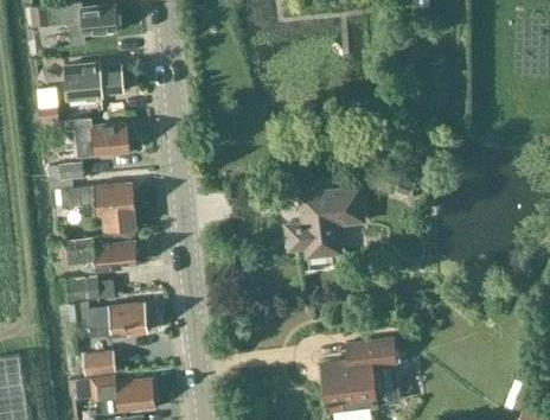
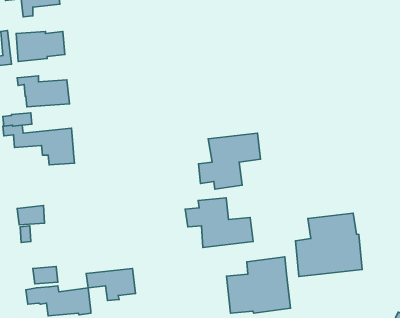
building: [62,238,136,271] -> none
building: none -> [185,198,253,248]
building: none -> [295,213,362,277]
building: [87,303,147,342] -> [86,268,135,300]

